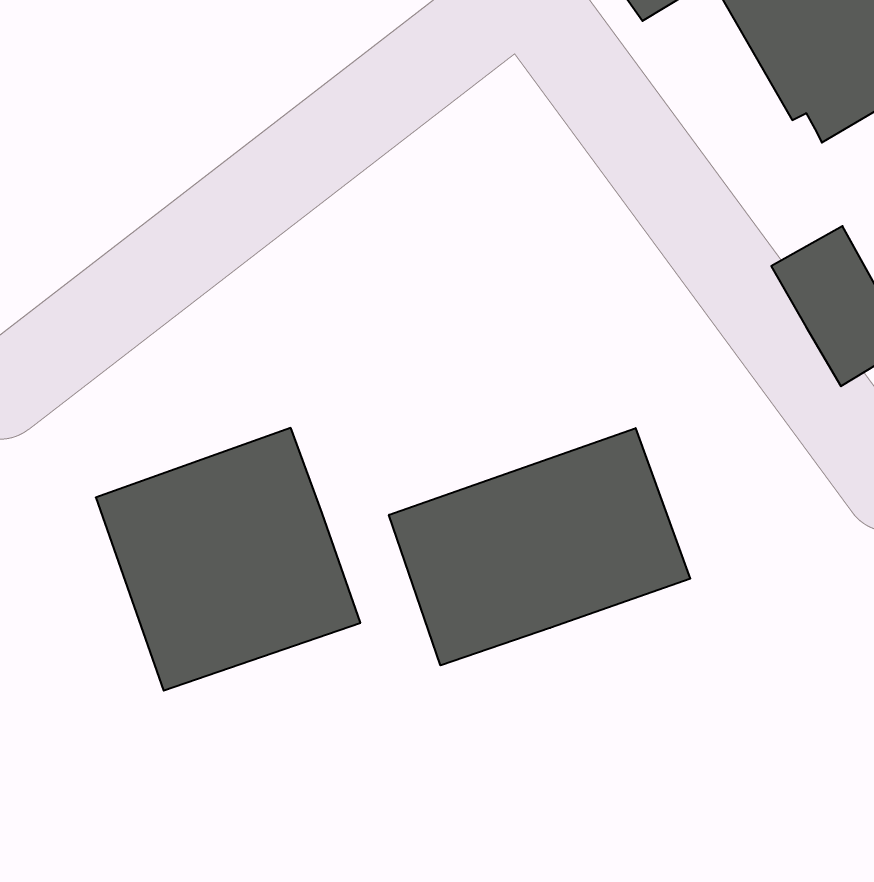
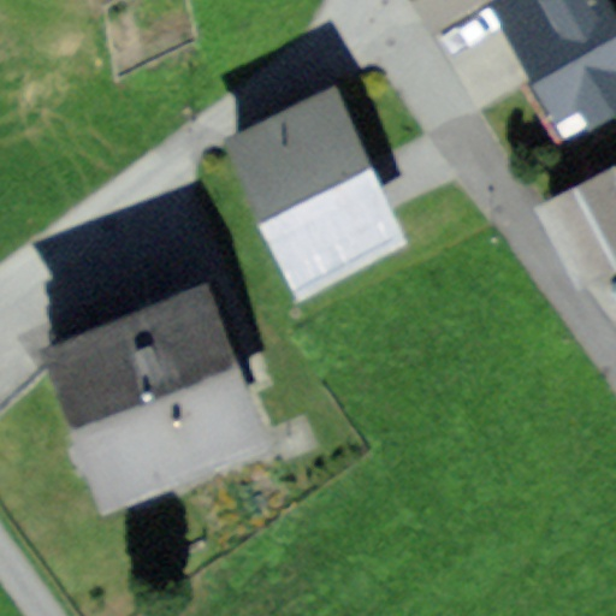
building: none -> [248,96,392,276]
building: [389,428,690,665] -> none

